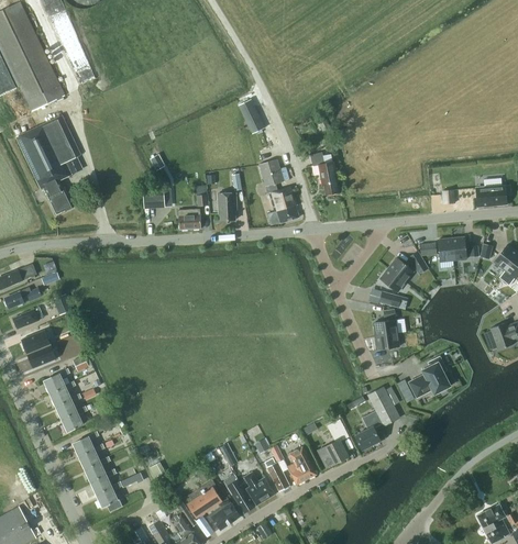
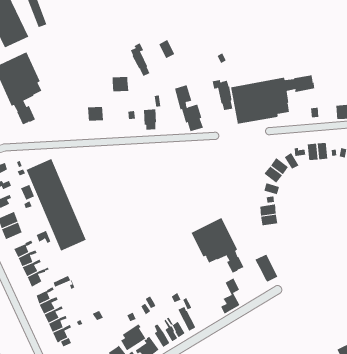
building: none -> [130,43,150,77]
building: none -> [231,74,315,125]
building: [178,209,201,230] -> [112,76,129,92]
building: none -> [26,158,86,251]
building: none -> [191,217,244,274]
building: [408,356,450,398] -> none
building: [355,411,382,449] -> none
building: [287,447,317,485] -> none

